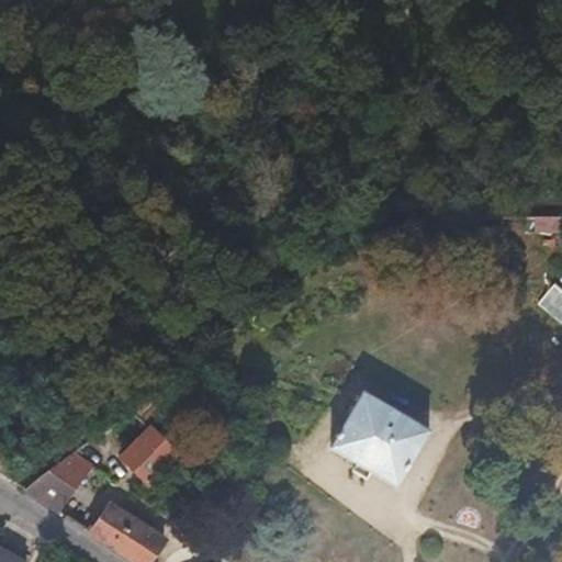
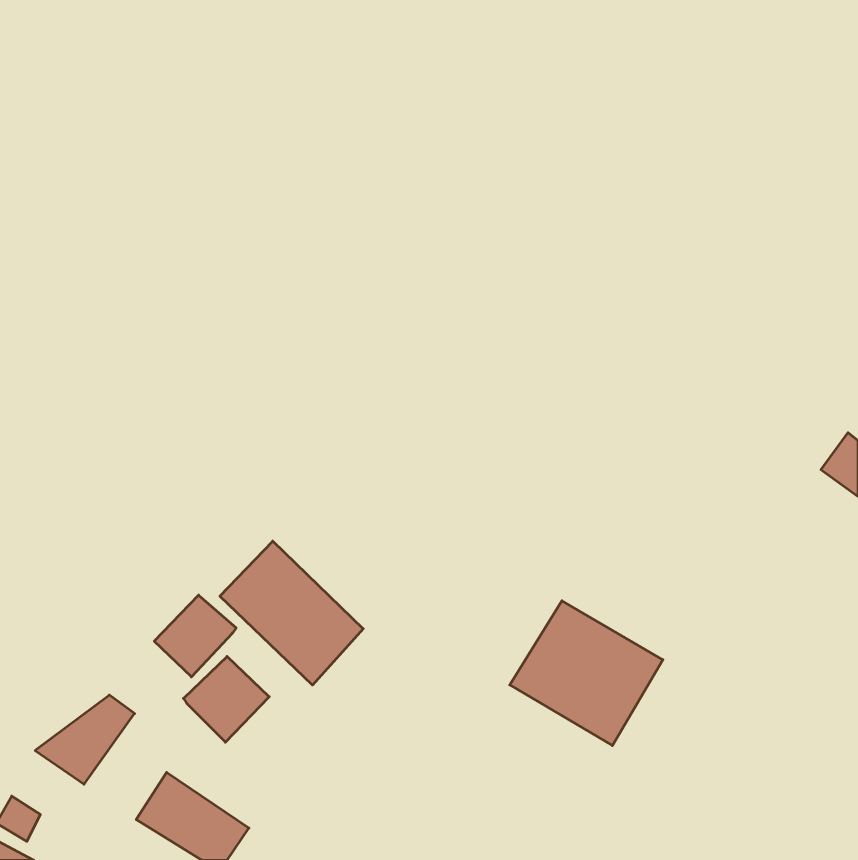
building: none -> [220,541,363,685]
building: none -> [154,595,236,677]

